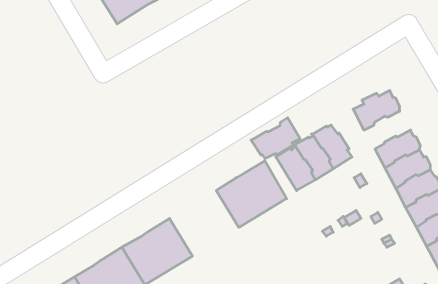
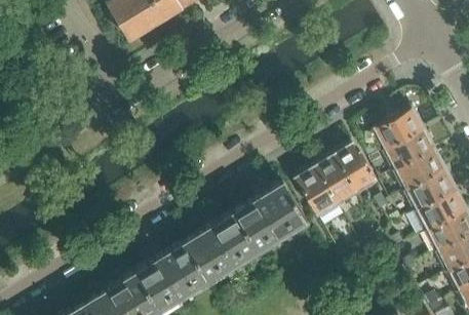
building: none -> [386,131,434,170]
building: [251,118,300,159] -> none
building: none -> [185,213,257,281]

